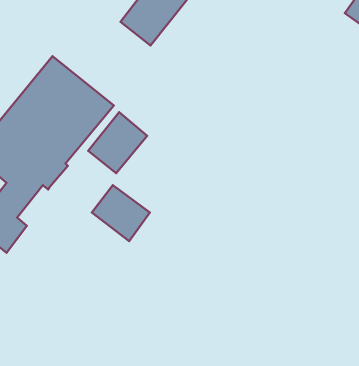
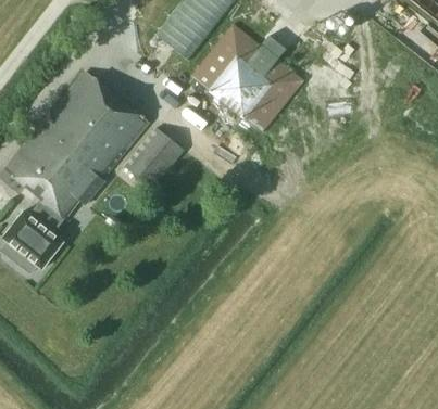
building: none -> [191,24,303,132]
building: [92,185,150,241] -> none

